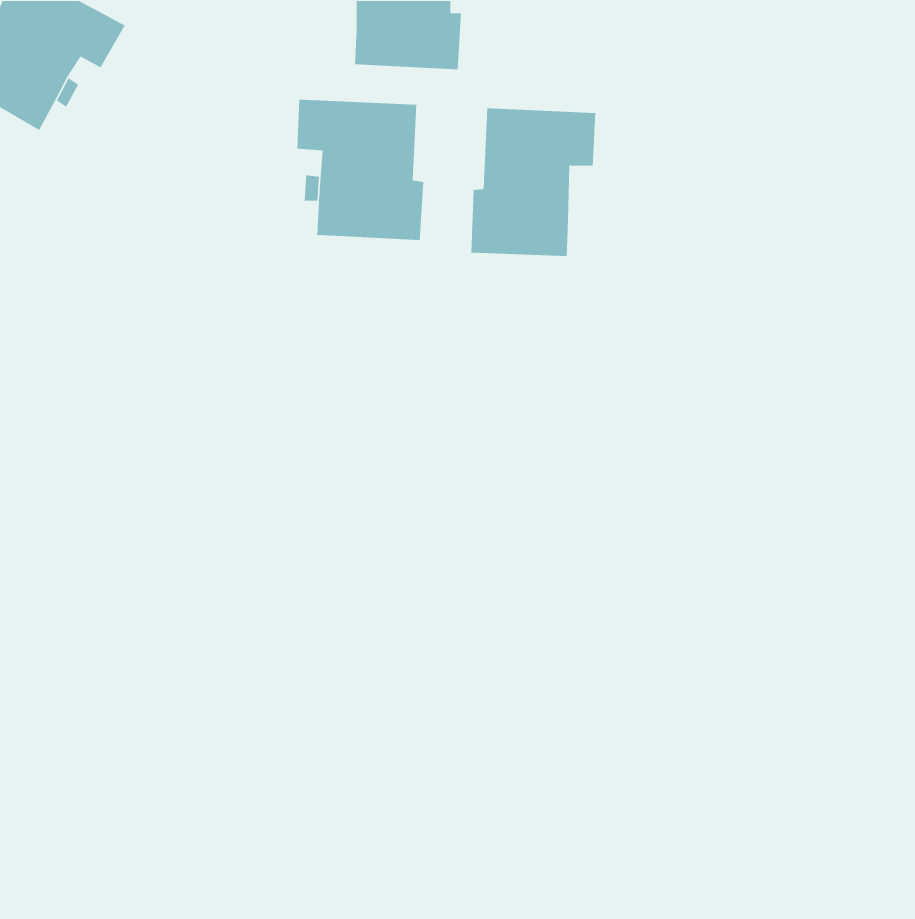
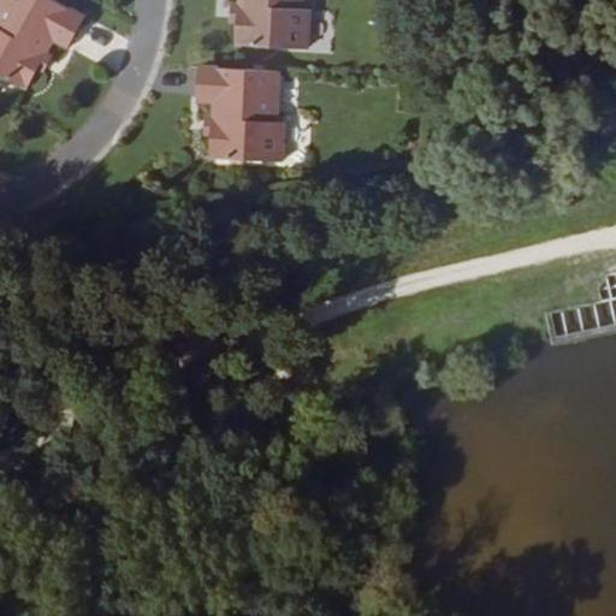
building: [471,107,596,257] -> none

